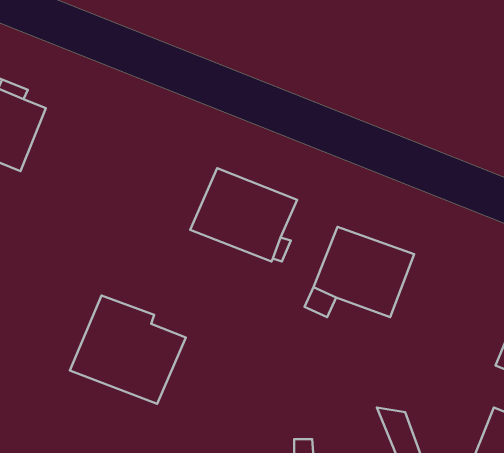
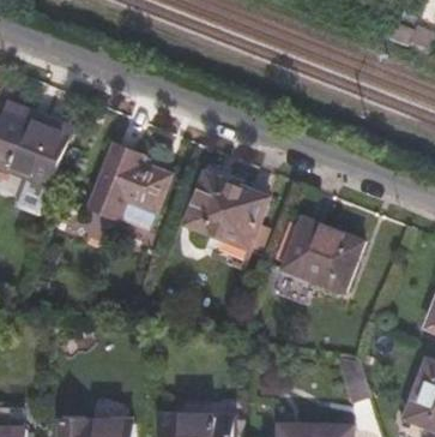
building: [70,295,186,404] -> [74,138,167,225]

